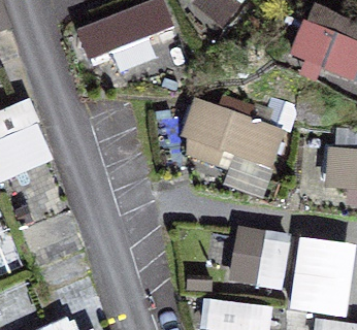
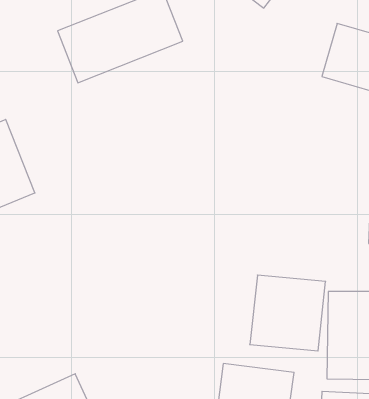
building: [182,106,281,183] -> none

